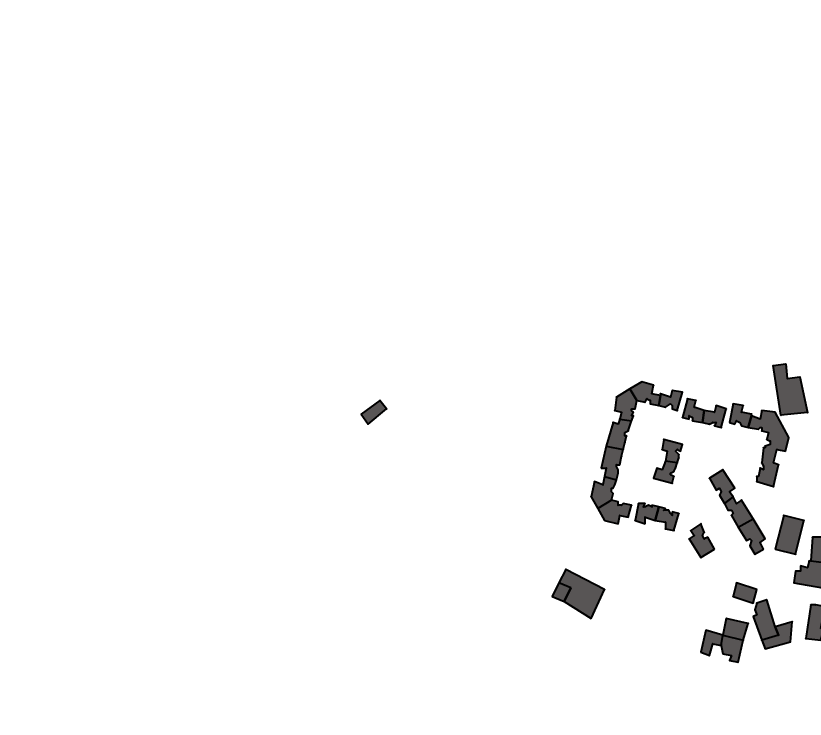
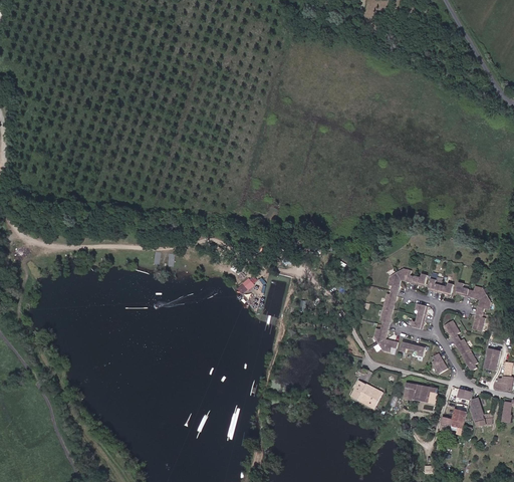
building: [773,364,808,415] -> none
building: none -> [403,383,438,402]

